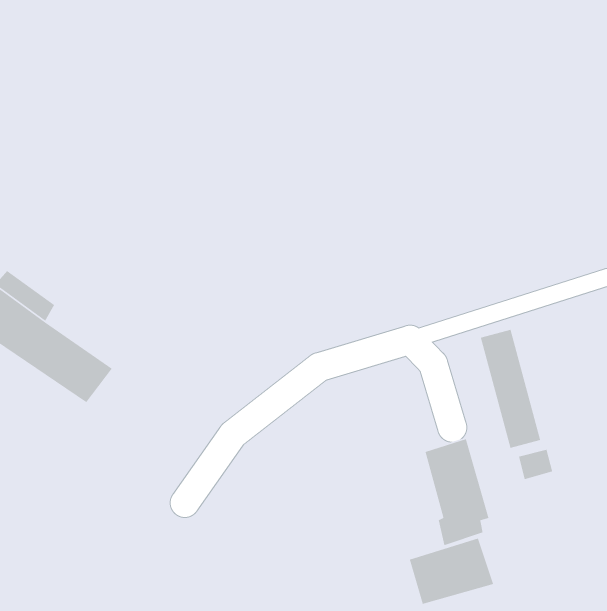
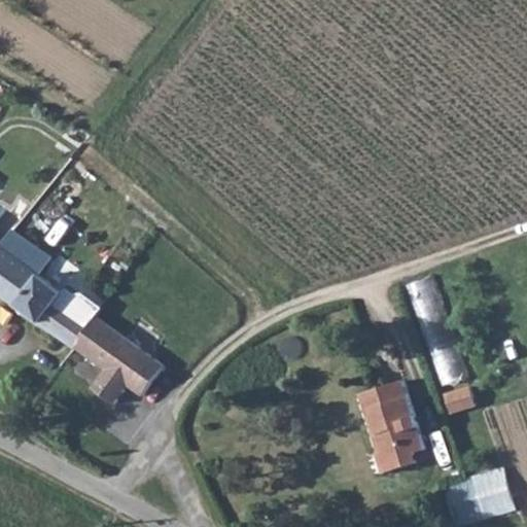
building: none -> [74,318,164,405]
building: [409,538,494,605] -> [441,463,514,521]

